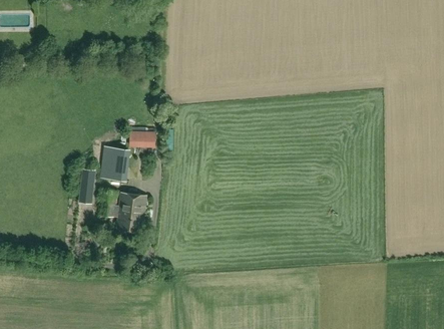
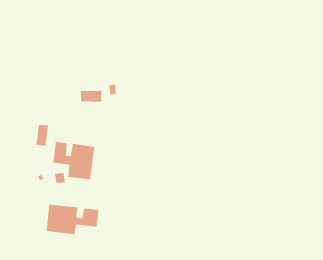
building: [101,147,127,181] -> none
building: none -> [46,204,99,235]

